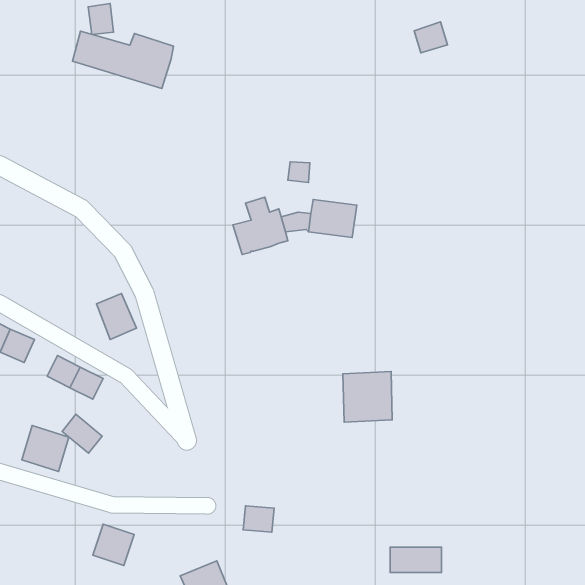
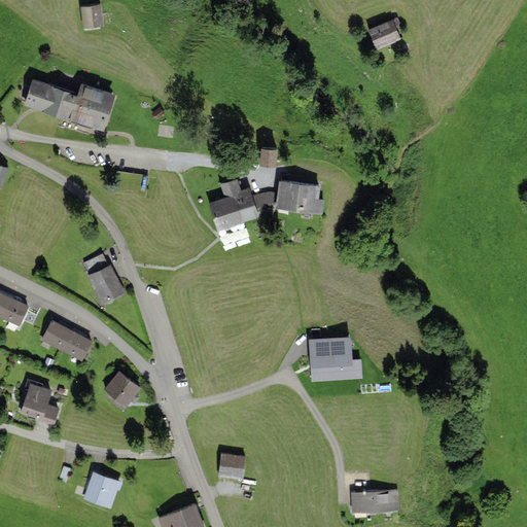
building: [73,31,173,89] -> [24,78,114,130]
building: [62,414,102,453] -> [104,368,140,403]

